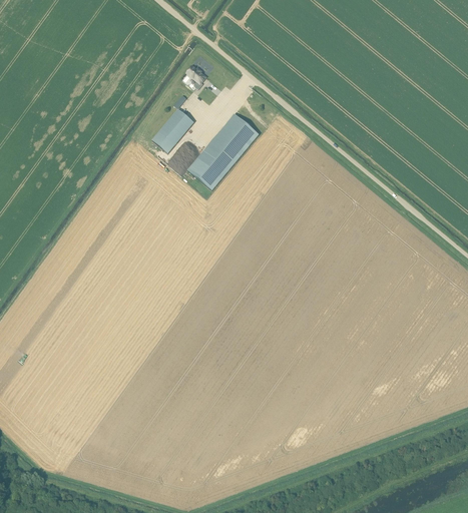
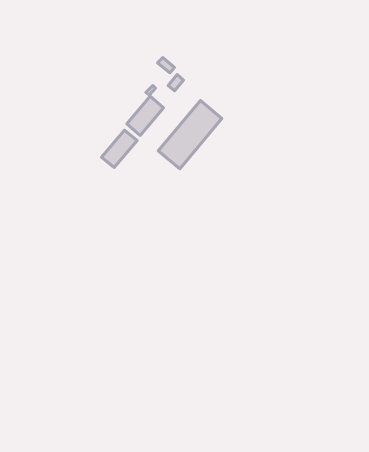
building: none -> [102,130,137,168]

